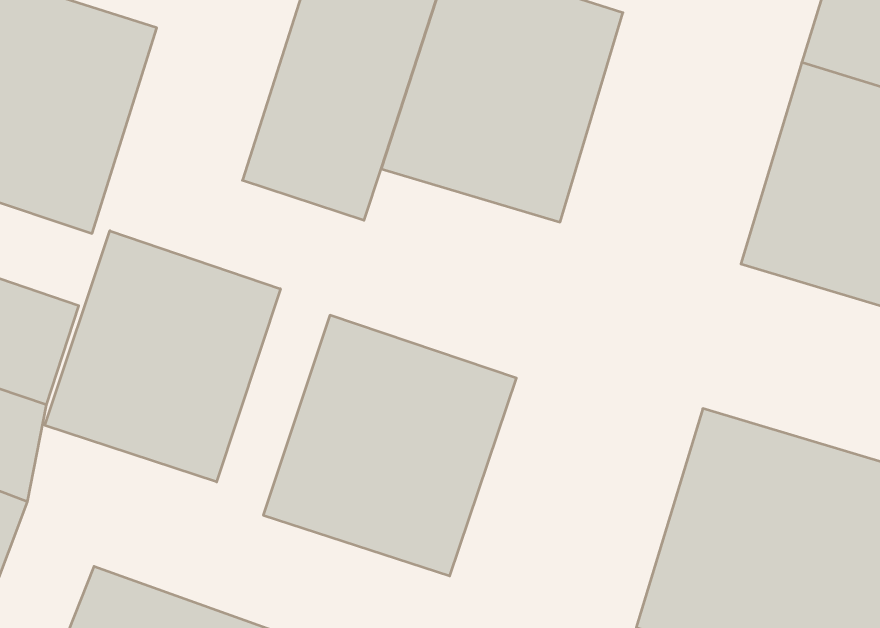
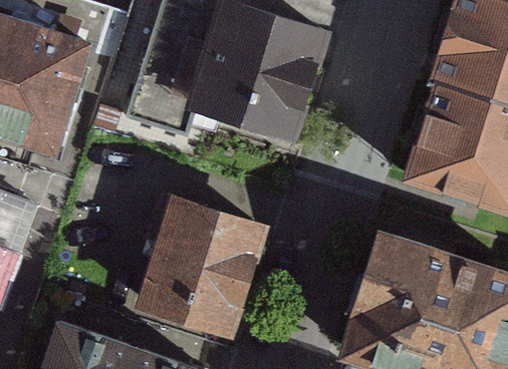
building: [45,231,280,482] -> none

